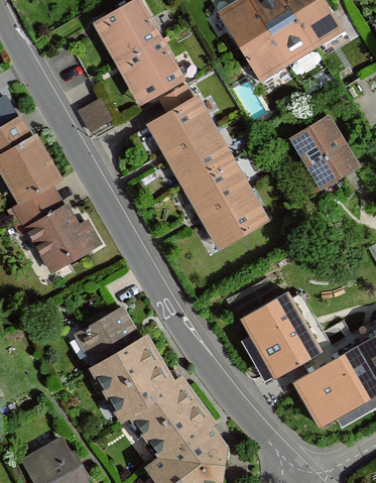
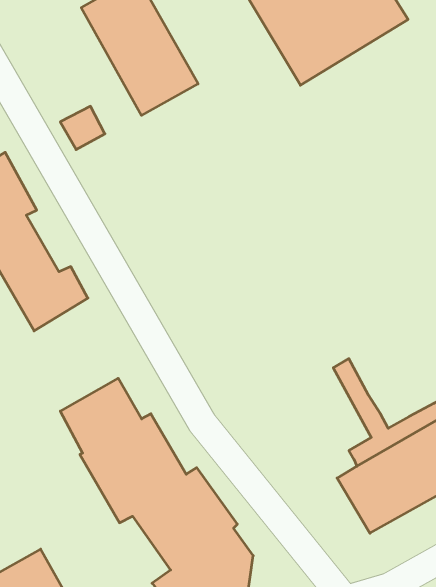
building: [146,97,265,248] -> none
building: [289,116,357,194] -> none
building: [238,294,317,378] -> none

